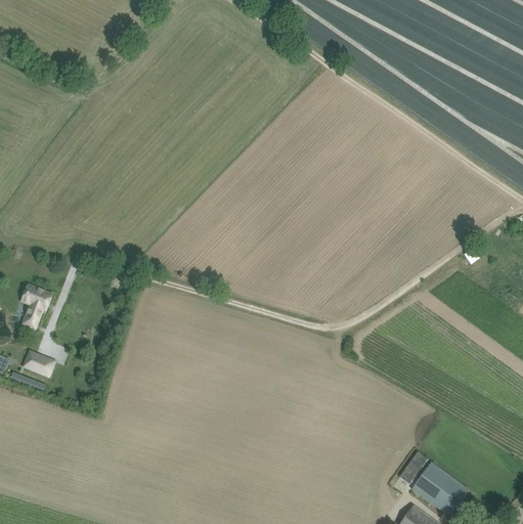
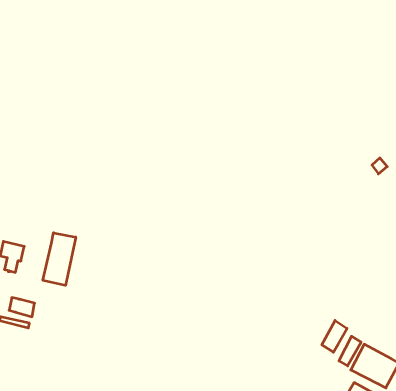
building: none -> [43,233,76,285]
building: none -> [322,320,347,352]

